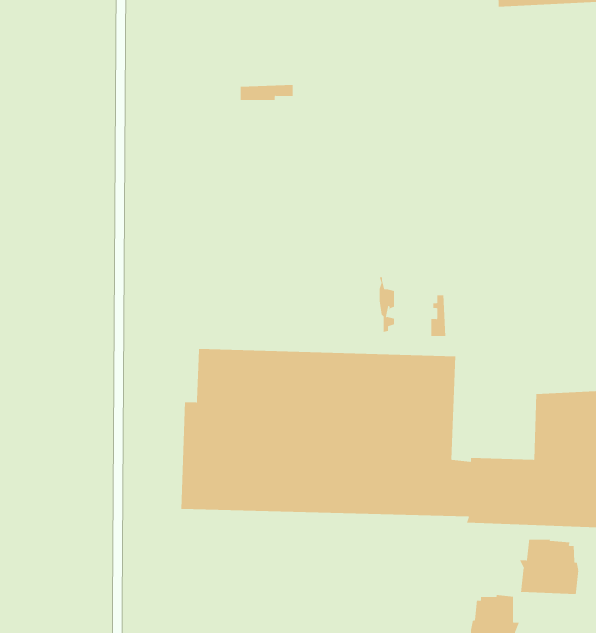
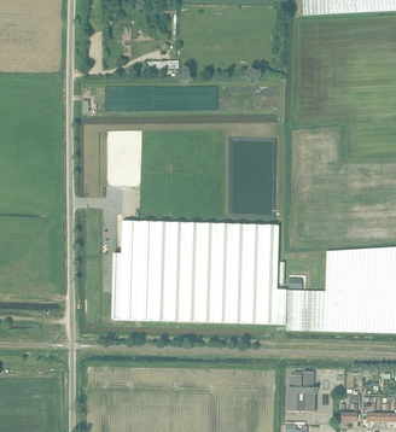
building: [519,539,579,595] -> none

